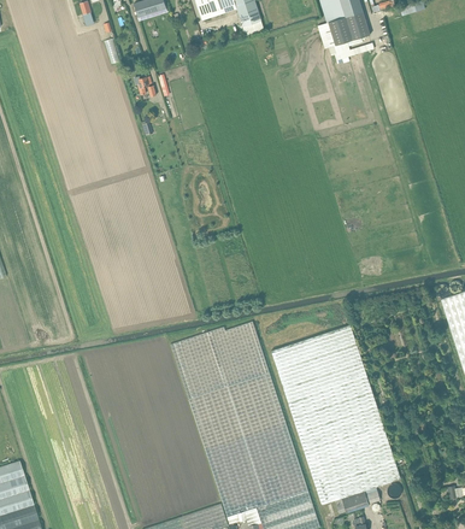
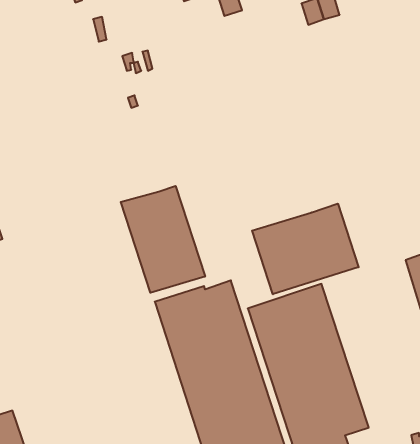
building: none -> [121,186,205,293]
building: none -> [252,204,359,294]

